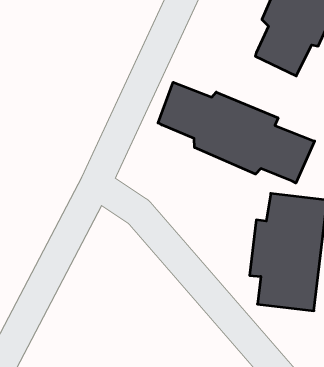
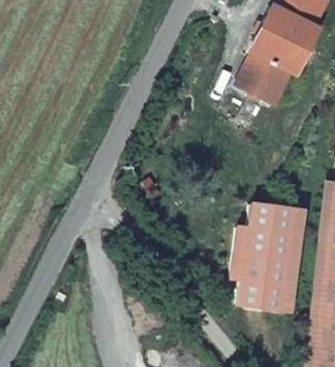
building: [158,82,315,183] -> none

